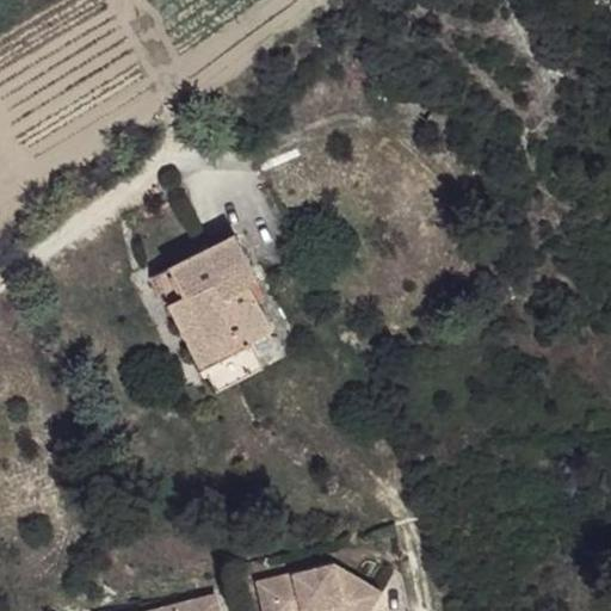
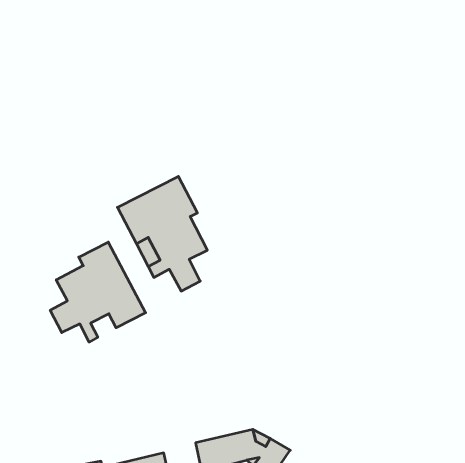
building: none -> [50,242,146,342]

